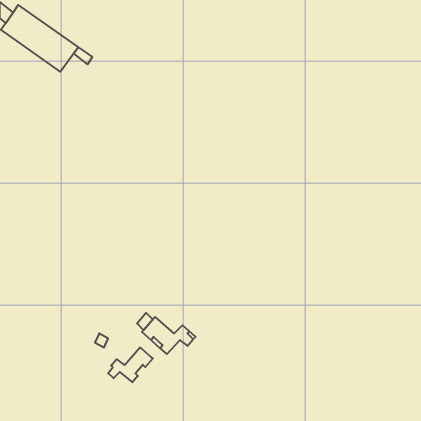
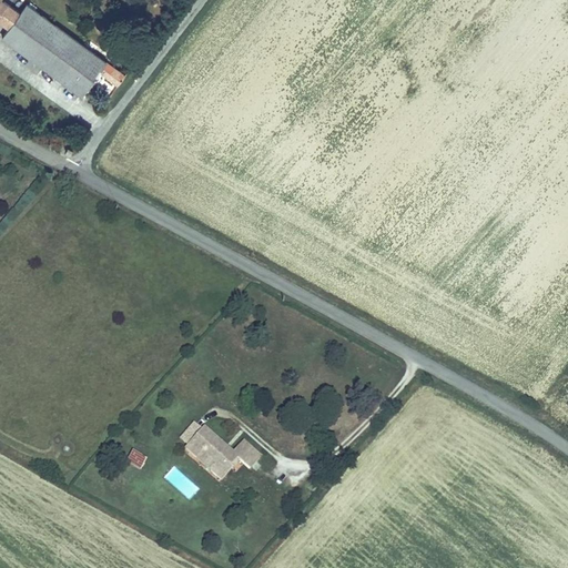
building: [108,347,153,382] -> none

